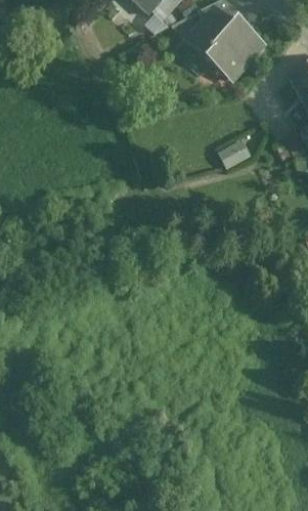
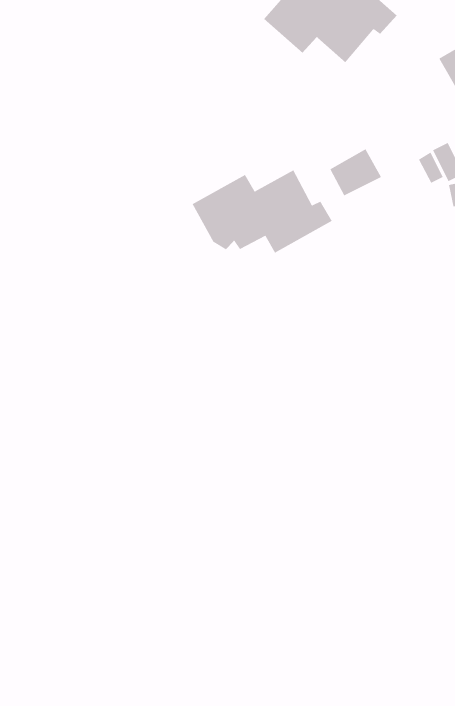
building: none -> [192,169,333,254]

